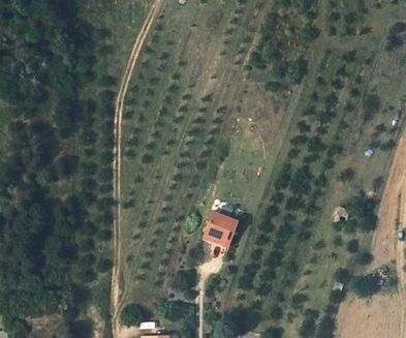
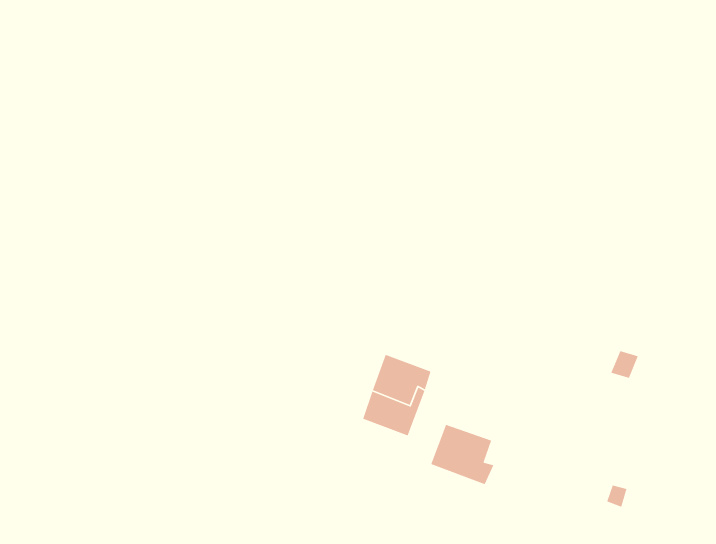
building: none -> [430,424,494,485]

